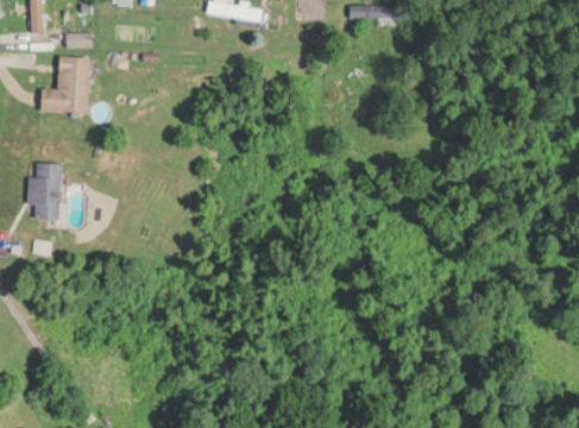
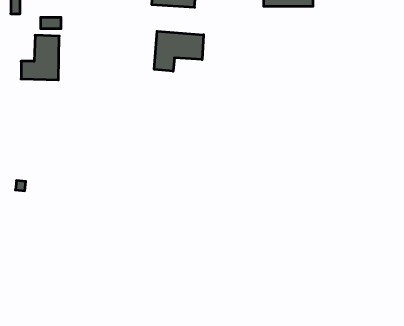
building: none -> [154,31,204,71]
building: [30,164,63,220] -> none

